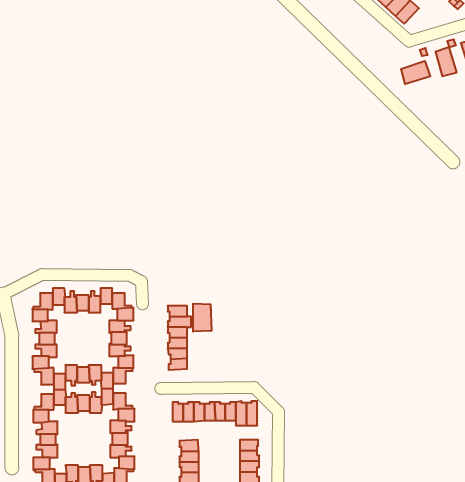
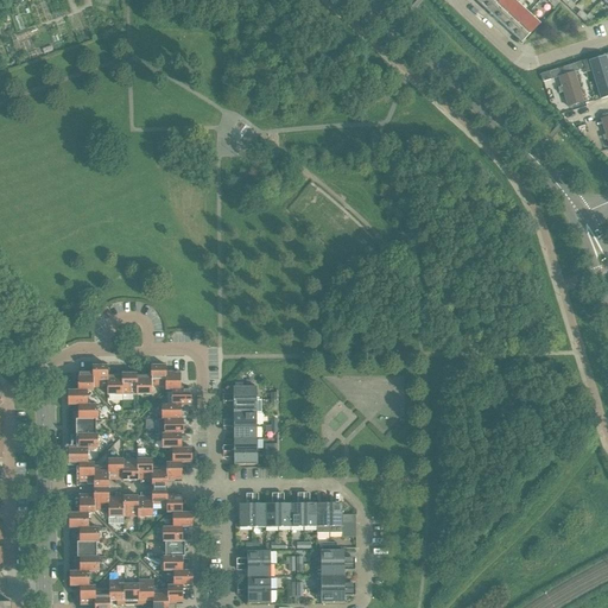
building: [401,61,430,84] -> none
building: [193,304,211,332] -> none

